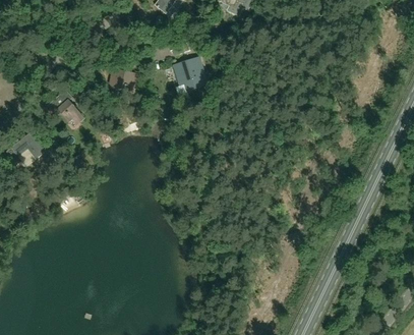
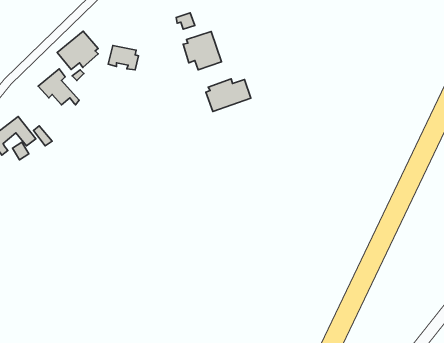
building: none -> [57,31,98,69]
building: none -> [206,79,251,111]

